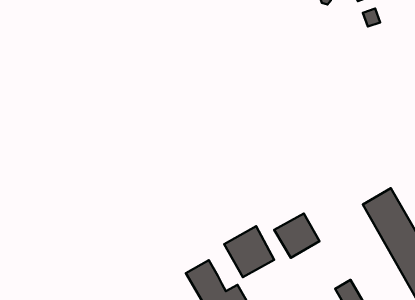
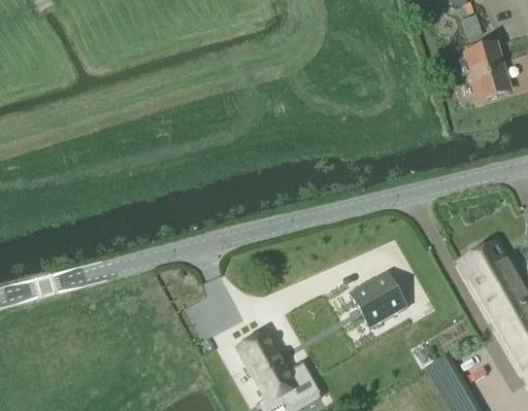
building: none -> [465,41,509,96]
building: [224,226,274,277] -> none

